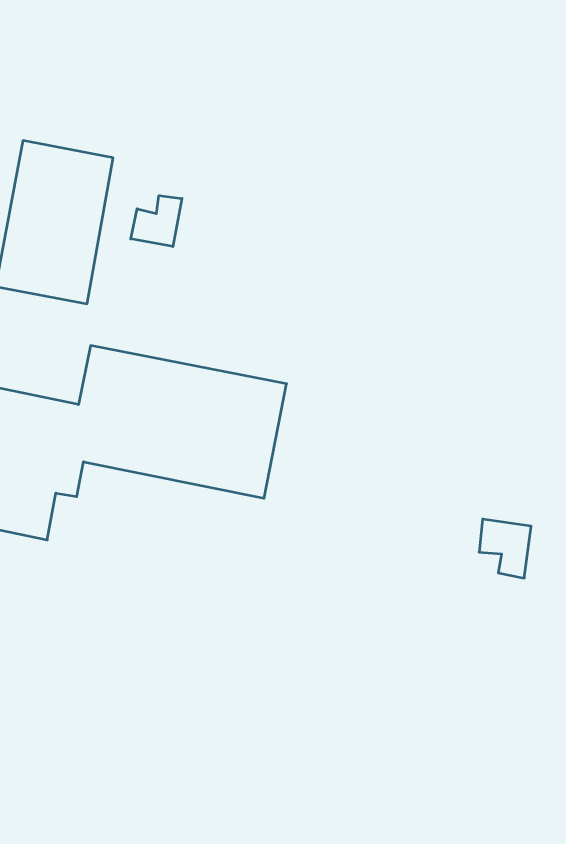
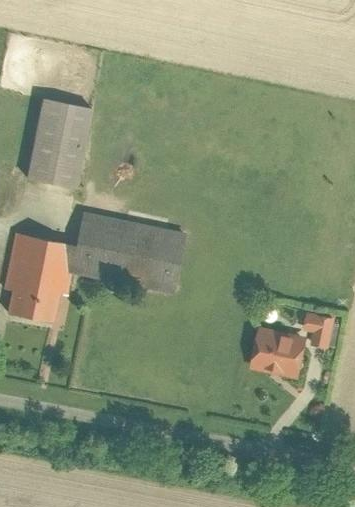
building: [131,196,182,247] -> none
building: none -> [252,327,305,376]

